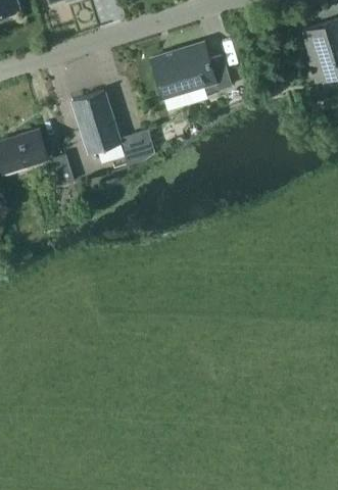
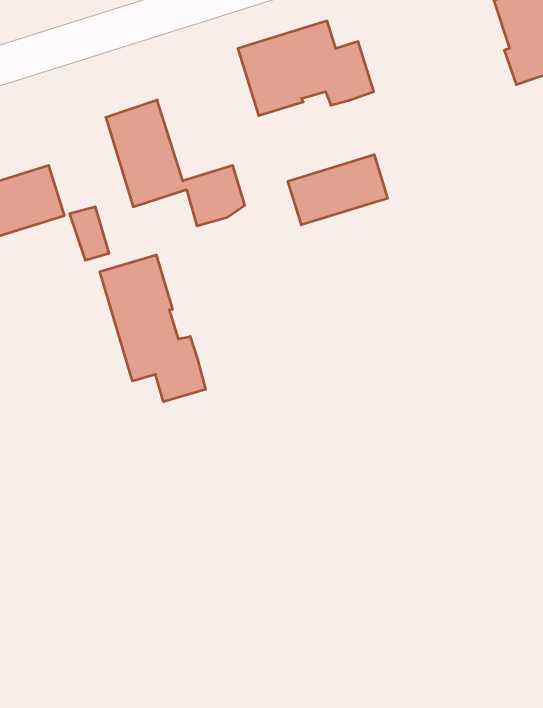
building: none -> [288,155,388,225]
building: none -> [100,255,206,402]

